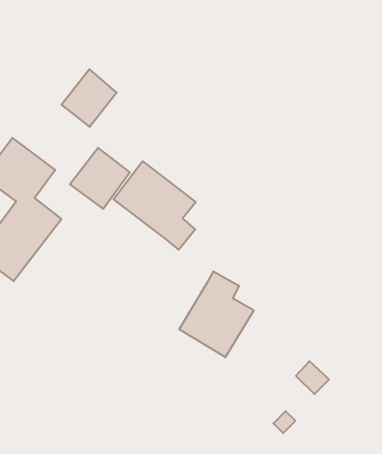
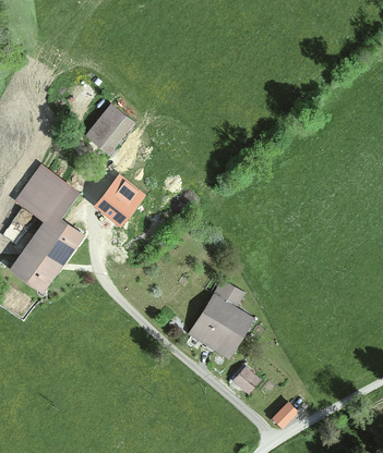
building: [114,161,196,250] -> none
building: [296,361,329,394] -> [234,367,263,396]

